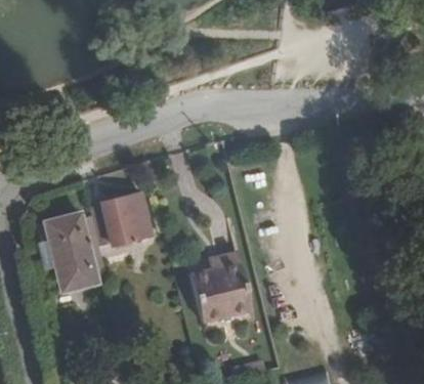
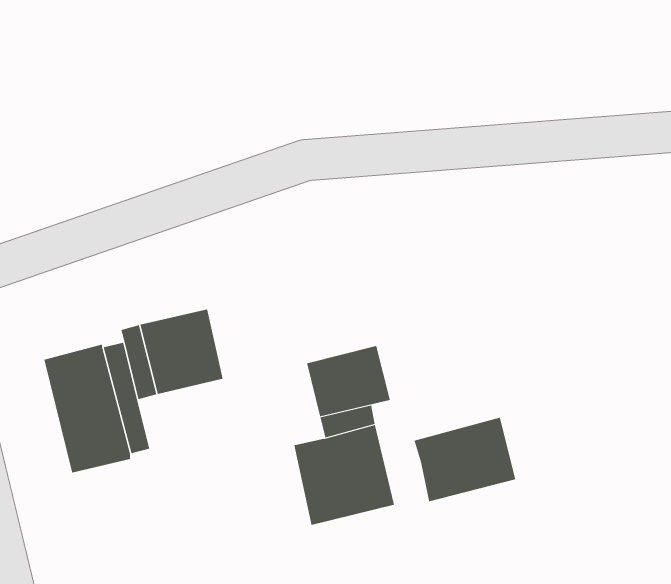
building: none -> [307,345,390,417]
building: none -> [414,417,516,502]

